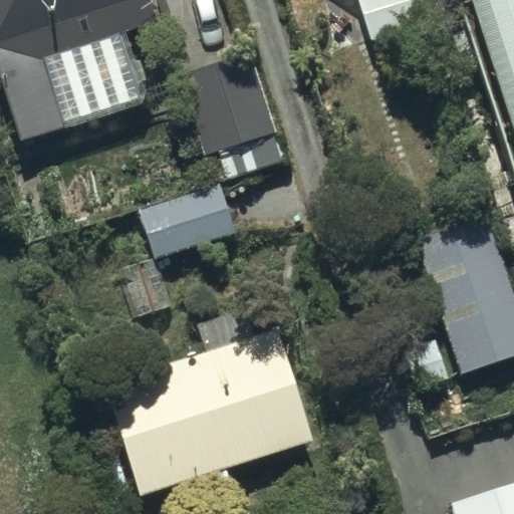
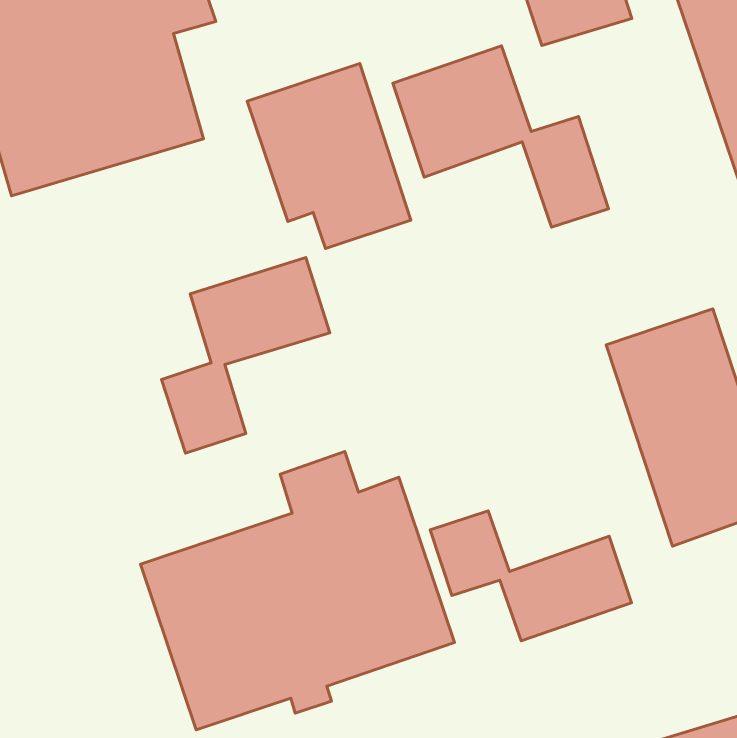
building: none -> [393,46,609,227]
building: none -> [430,511,632,641]

